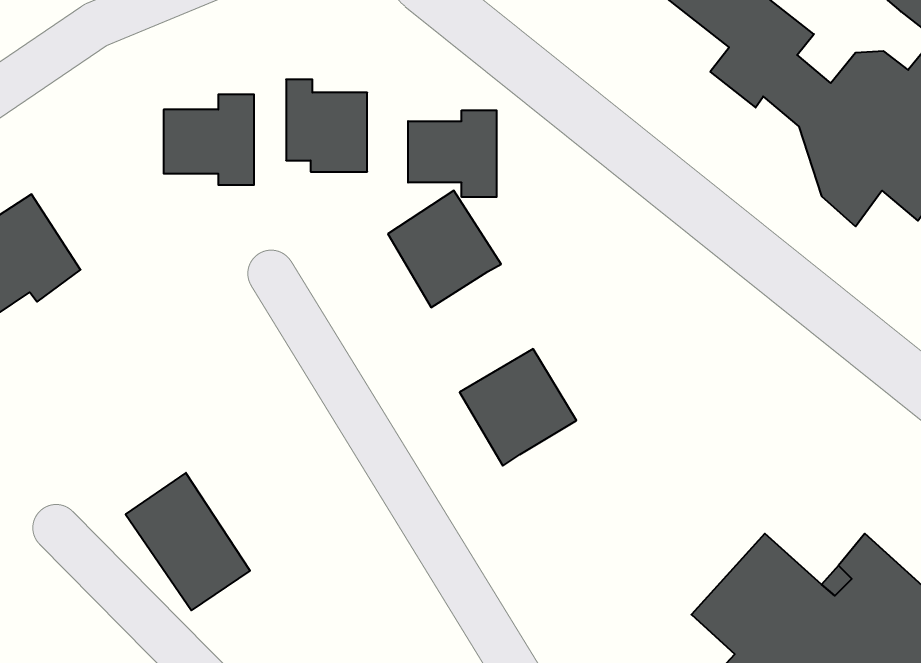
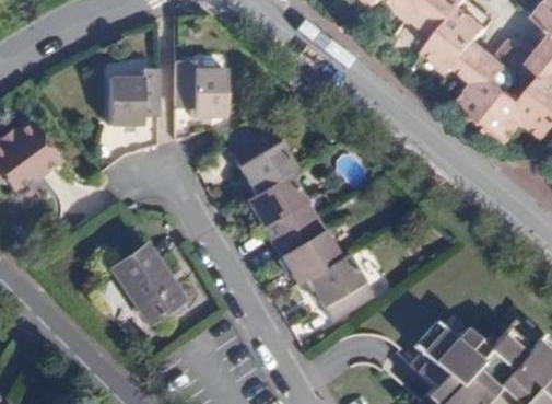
building: [408,110,497,197] -> none
building: none -> [249,169,318,239]
building: none -> [310,251,376,318]
building: [126,473,250,610] -> [114,244,186,324]

